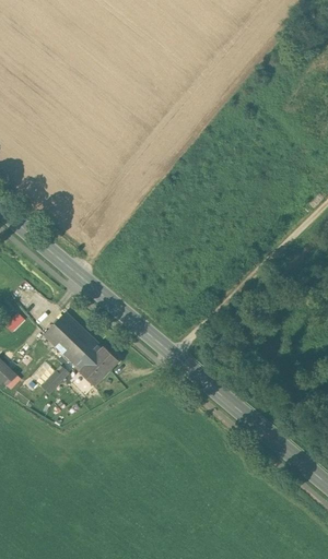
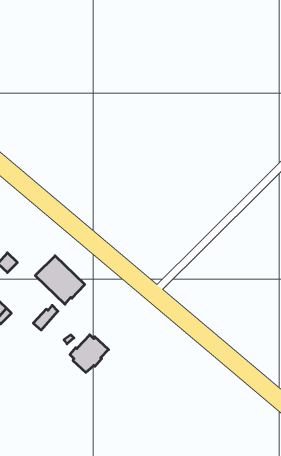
building: [77,344,119,385] -> [70,335,109,372]

